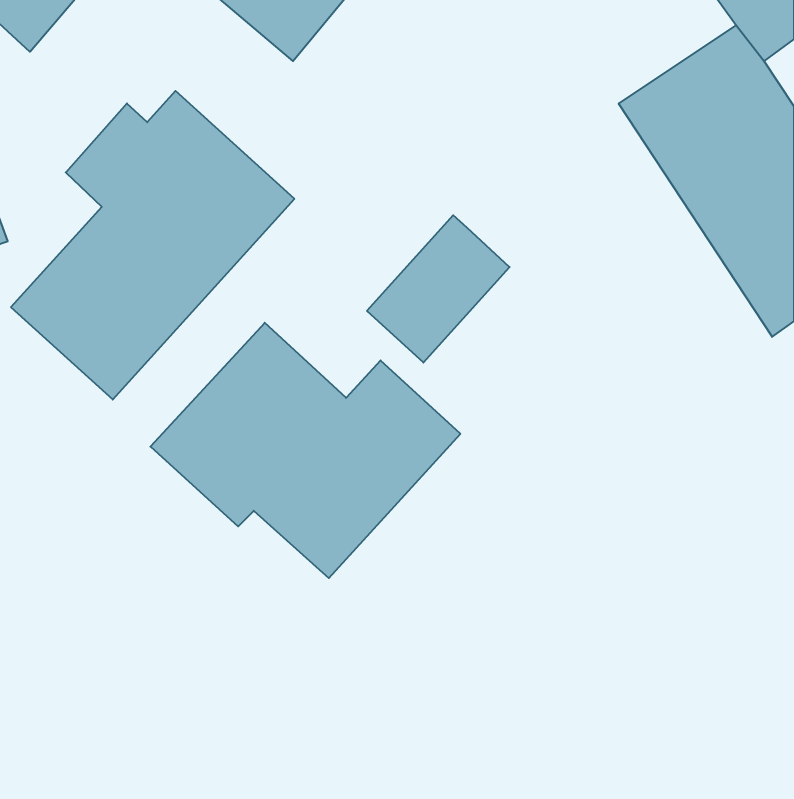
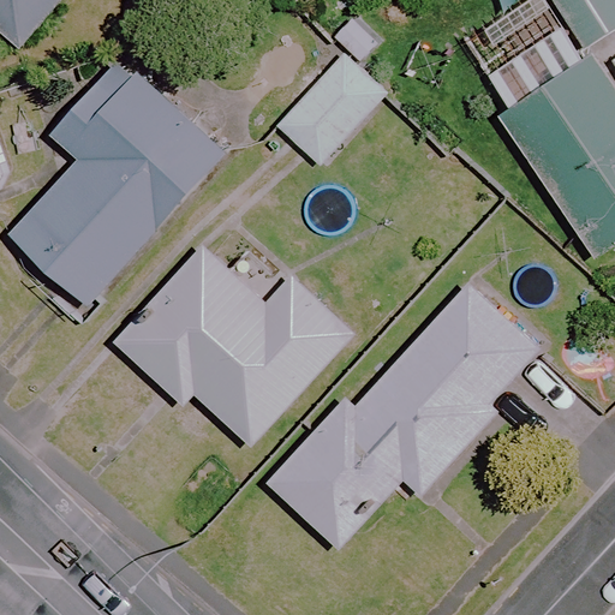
building: [367,215,510,363] -> [274,54,383,167]
building: none -> [269,282,537,545]

